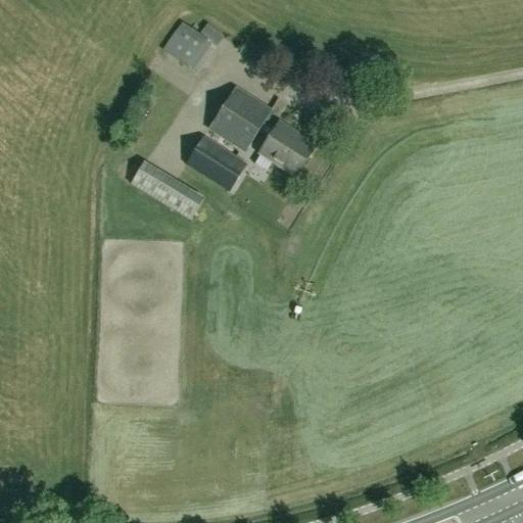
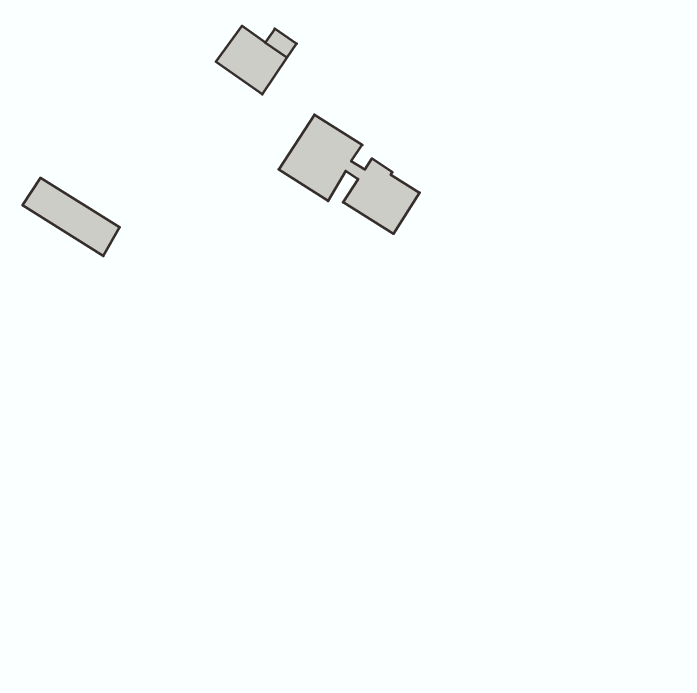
building: [186,134,247,189] -> none
building: [130,160,202,219] -> [23,178,120,256]

